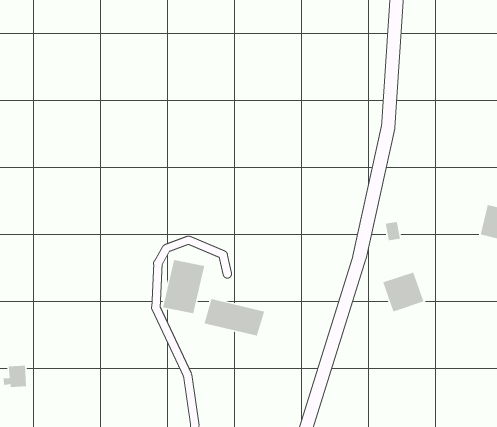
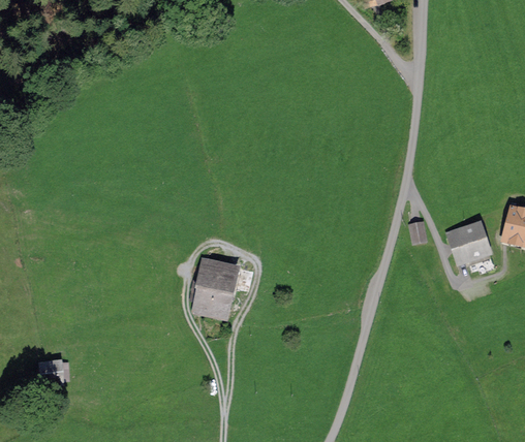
building: [382,271,424,312] -> [447,221,489,261]
building: [203,298,265,337] -> none

